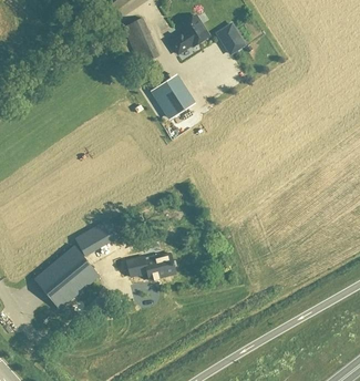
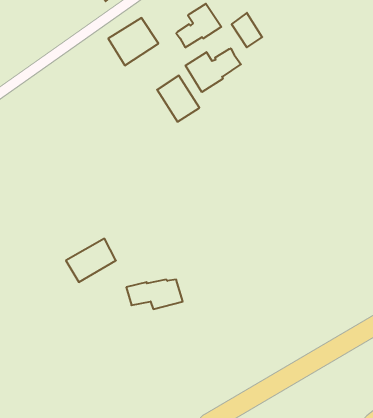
building: none -> [186,48,241,92]
building: [34,245,100,308] -> none

